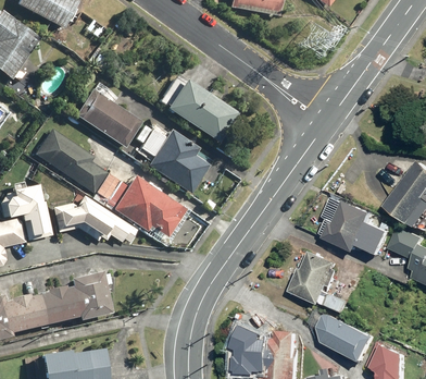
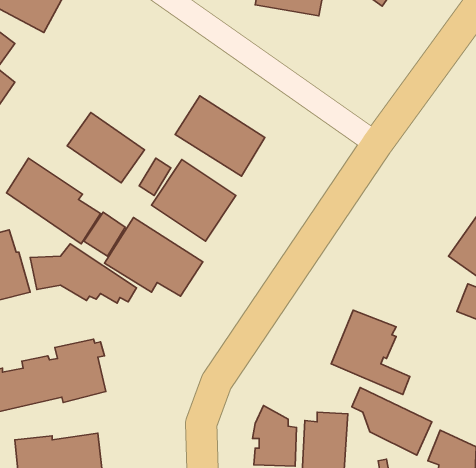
building: [317,199,387,254] -> none

